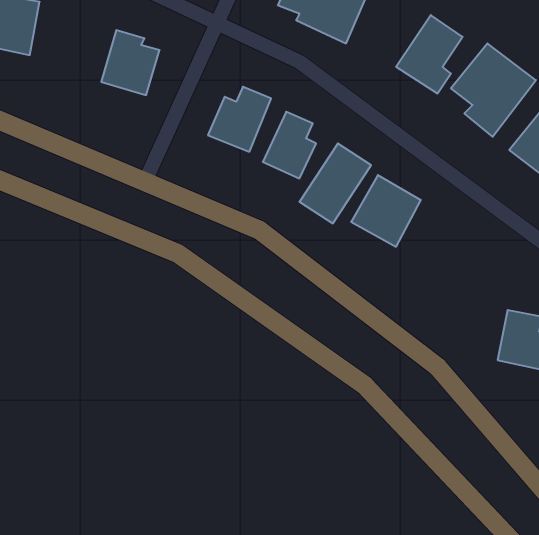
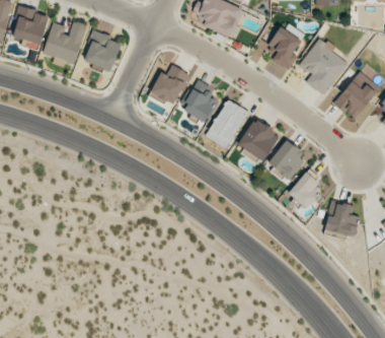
building: none -> [44,20,87,64]
building: none -> [267,139,307,181]
building: none -> [288,172,325,208]

